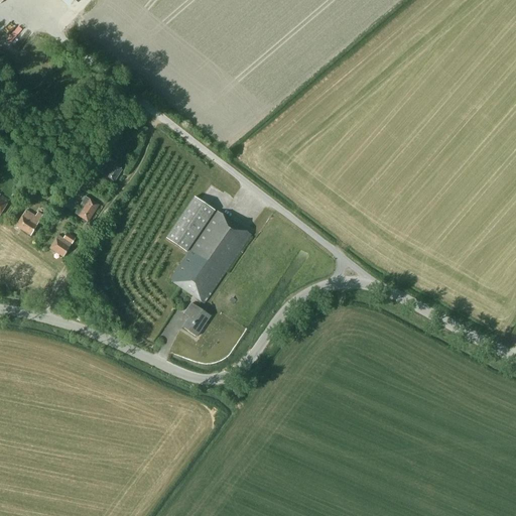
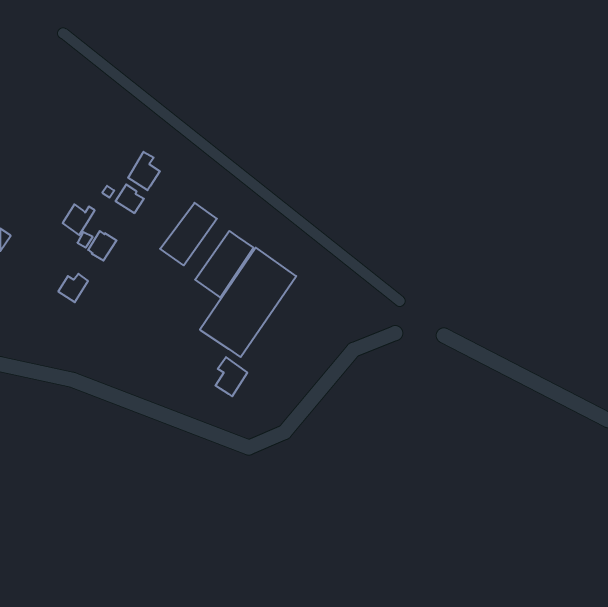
building: none -> [128,152,160,190]
building: none -> [160,203,217,265]
building: [16,209,43,235] -> [63,204,95,235]

